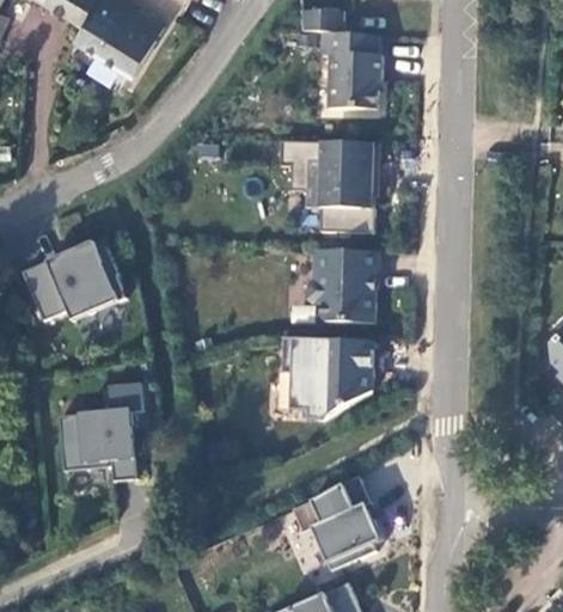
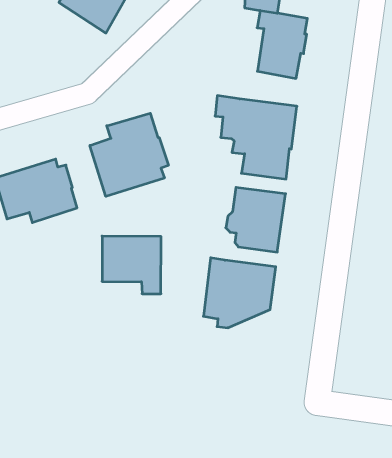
building: none -> [90,113,168,196]
building: [59,406,137,478] -> [102,236,161,294]
building: [293,476,381,569] -> none

